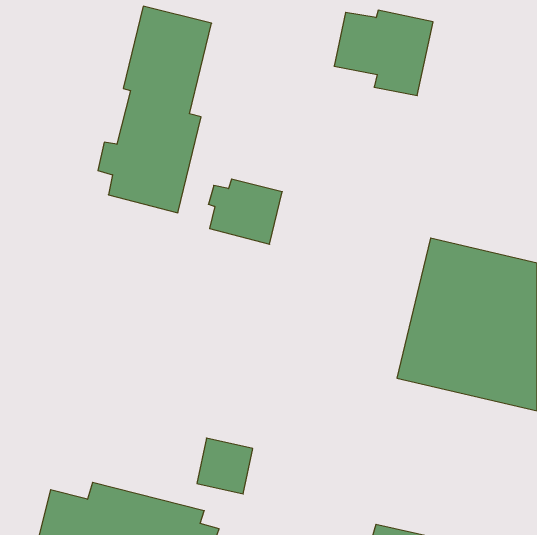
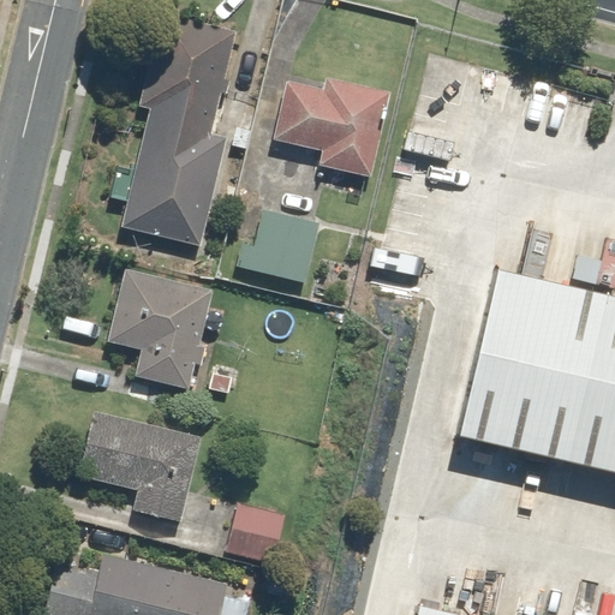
building: [334,10,433,96] -> [276,78,389,175]
building: none -> [108,269,216,388]
building: none -> [77,410,204,526]

